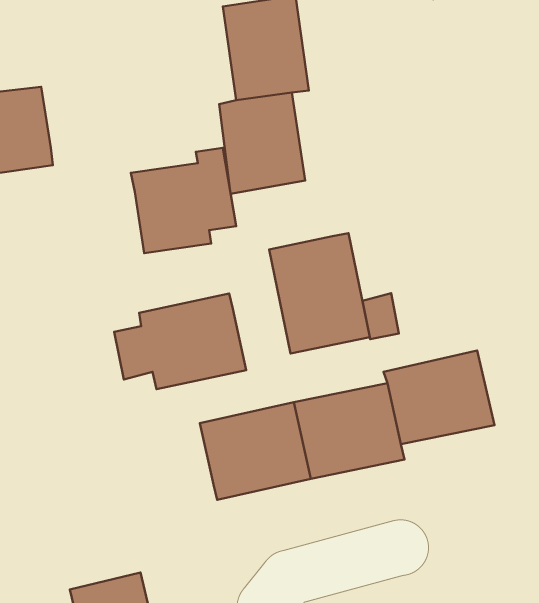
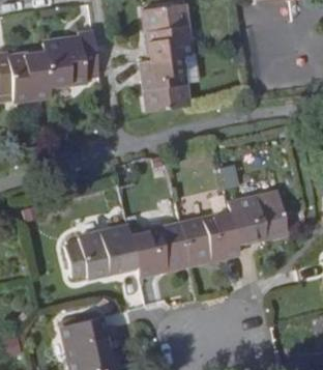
building: [131,148,236,253] -> [42,28,99,85]
building: [269,233,370,353] -> none
building: [114,294,246,389] -> [66,226,138,278]

